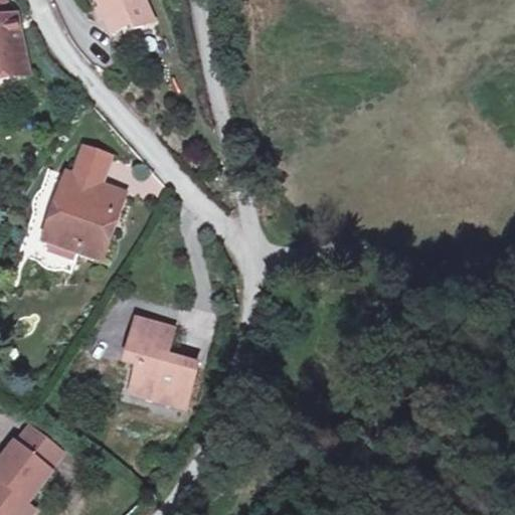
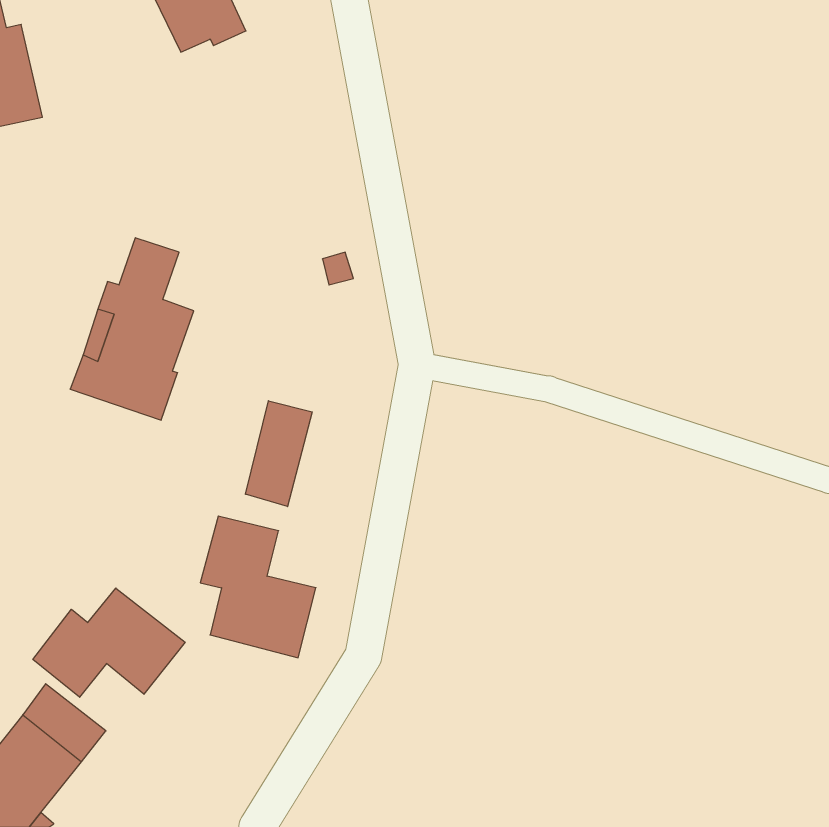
building: none -> [245,401,312,507]
building: none -> [33,588,185,697]

